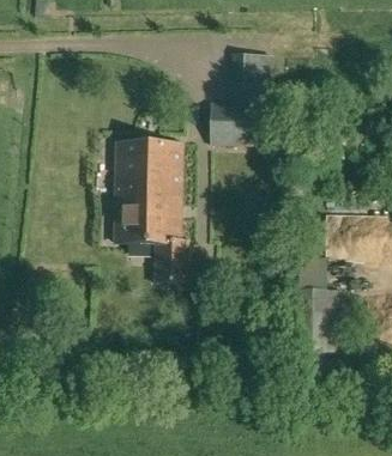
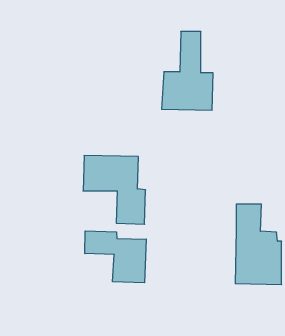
building: [116,140,182,201] -> none
building: none -> [85,231,146,283]

